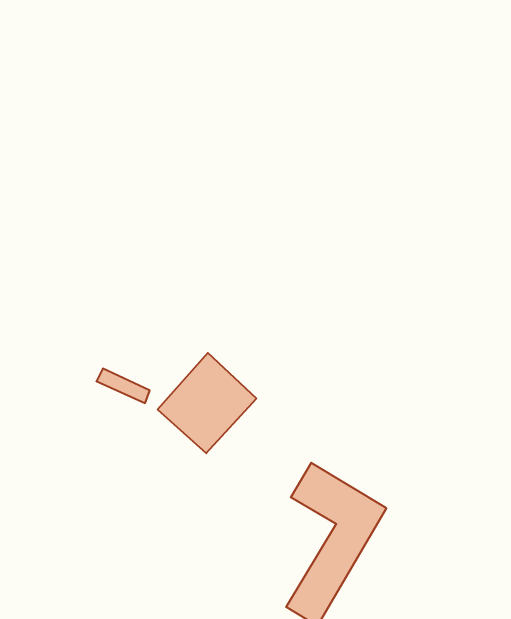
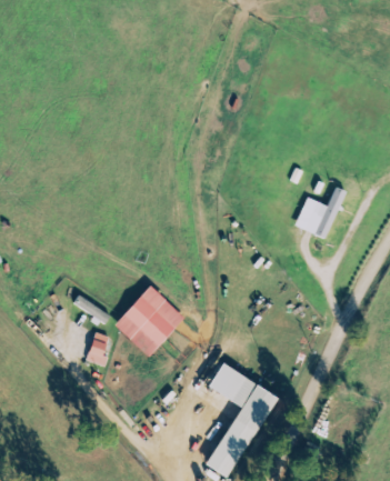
building: none -> [294,187,346,239]
building: none -> [87,333,109,365]

